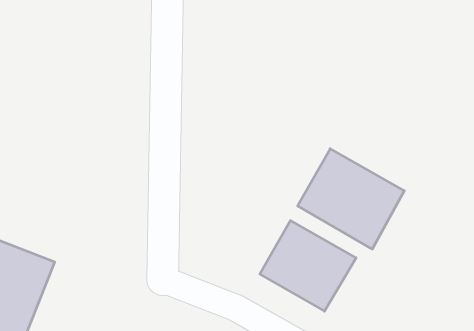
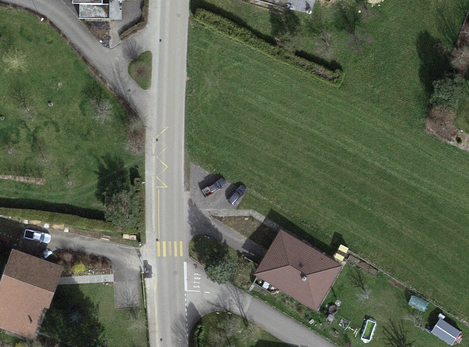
building: [298,149,404,249] -> none

